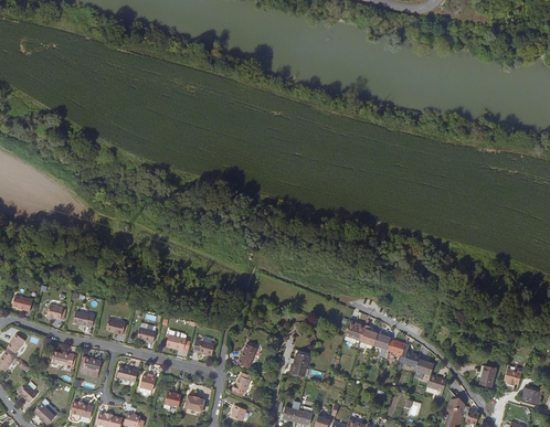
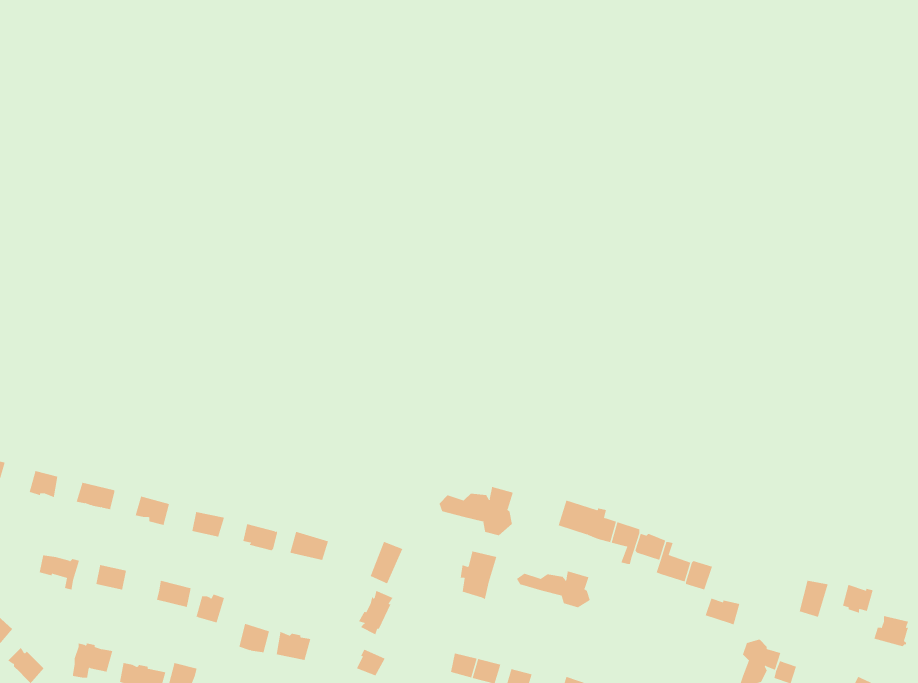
building: none -> [439,486,514,536]
building: none -> [516,571,590,608]

